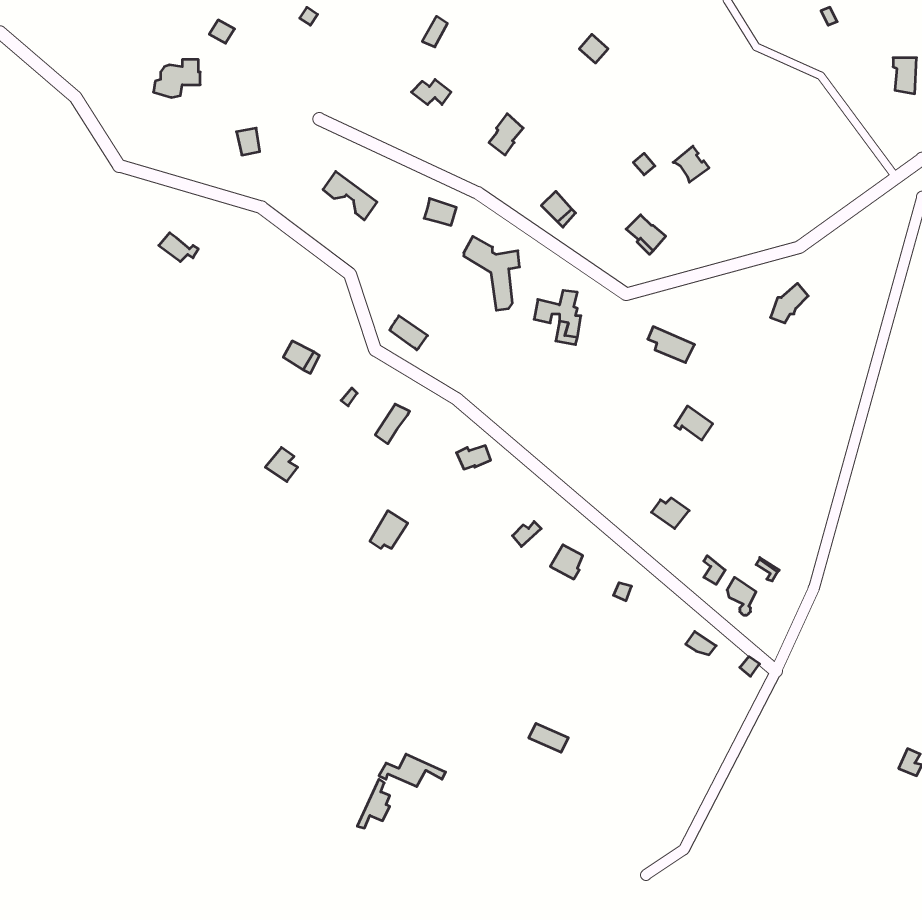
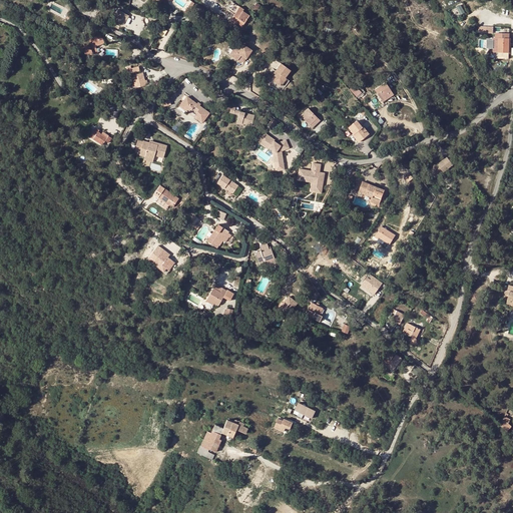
building: none -> [137,140,168,159]

